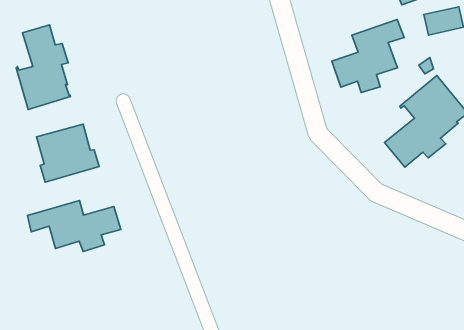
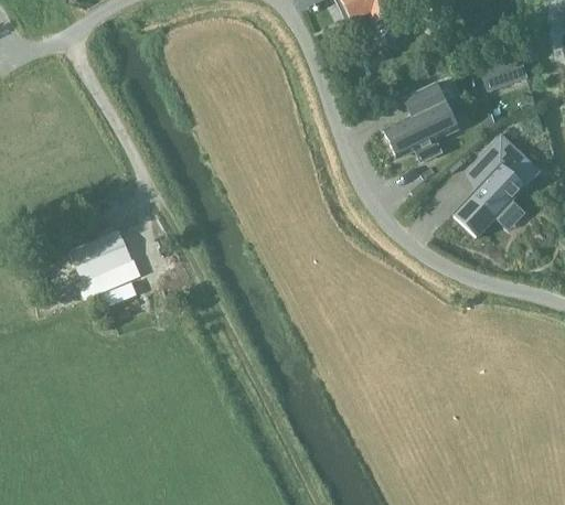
building: [16,25,71,109] -> none
building: [27,200,121,252] -> none

